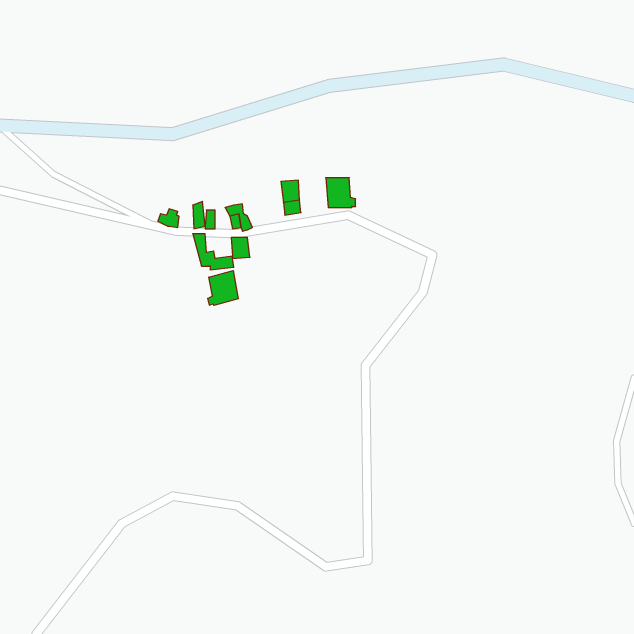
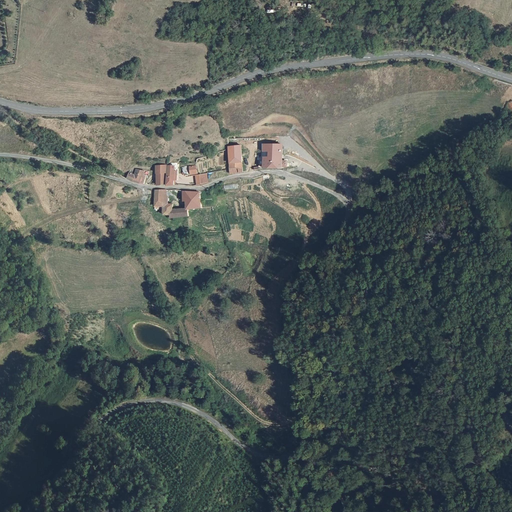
building: [208,271,238,305] -> none

